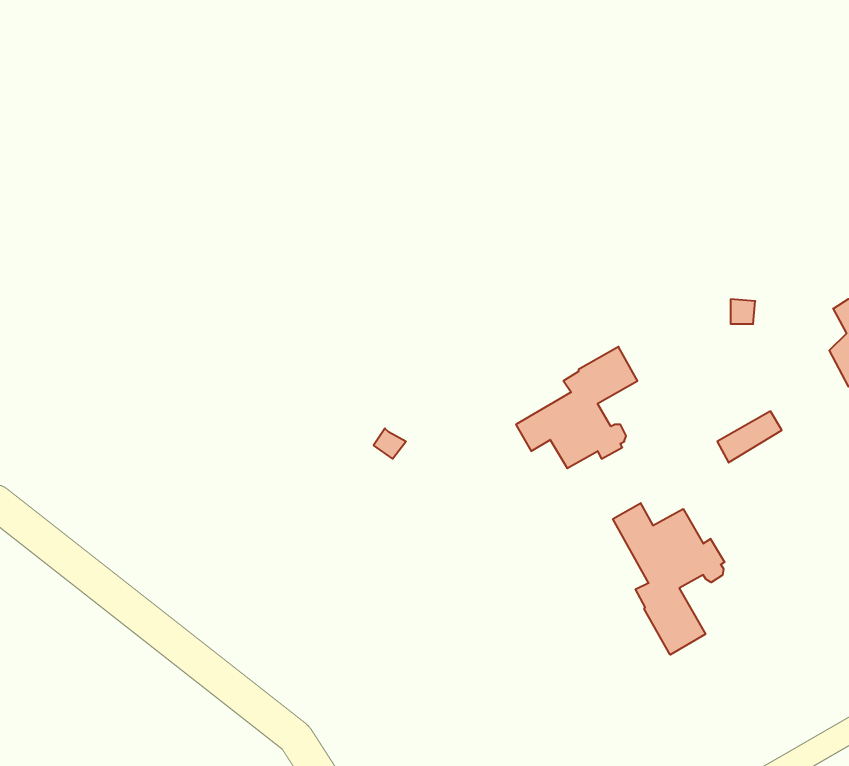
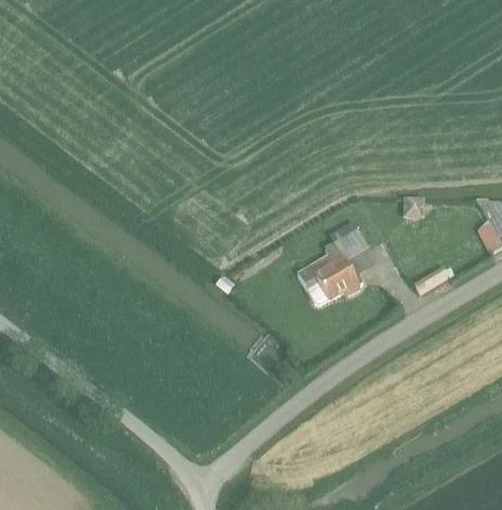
building: [613,503,725,655] -> none

